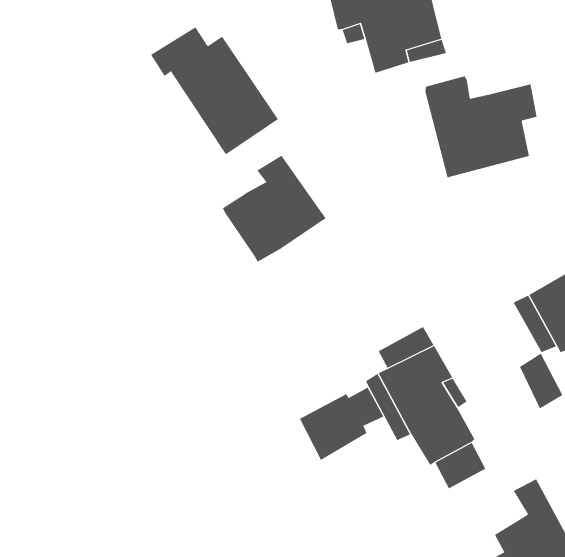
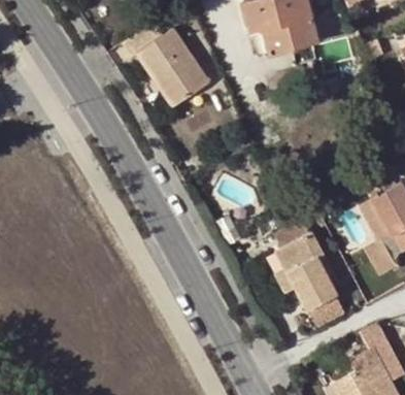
building: [425,76,537,178] -> none
building: [222,155,326,263] -> none
building: [299,387,384,461] -> none

